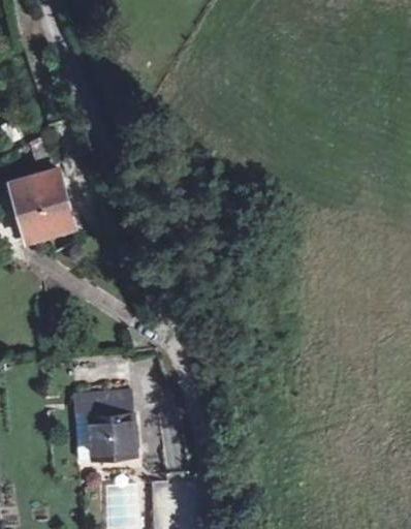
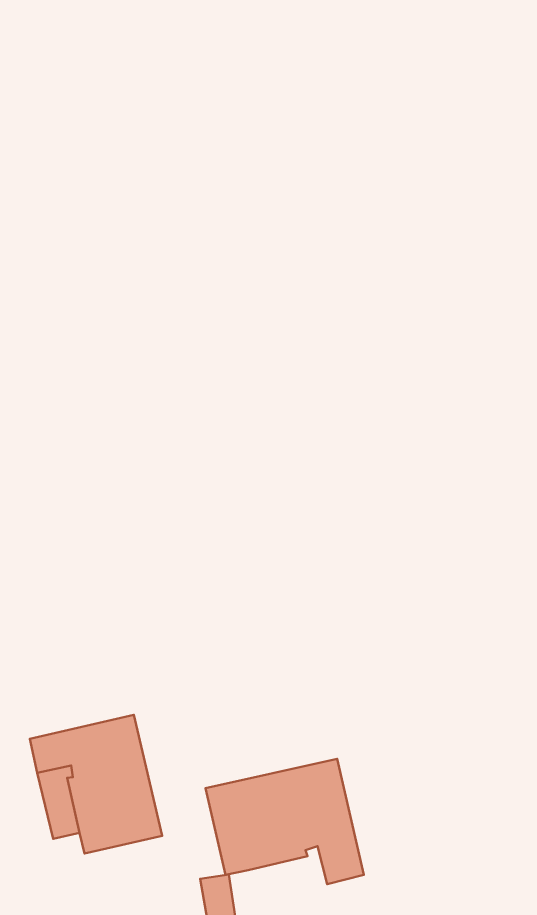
building: none -> [205,759,364,884]

